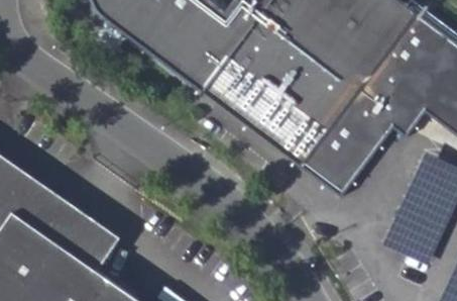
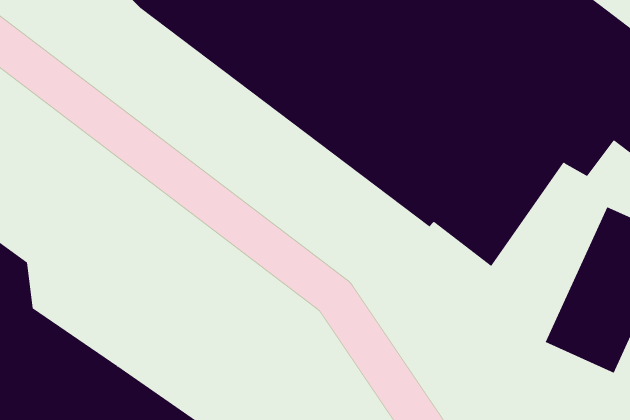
building: [27,190,101,261] -> none

